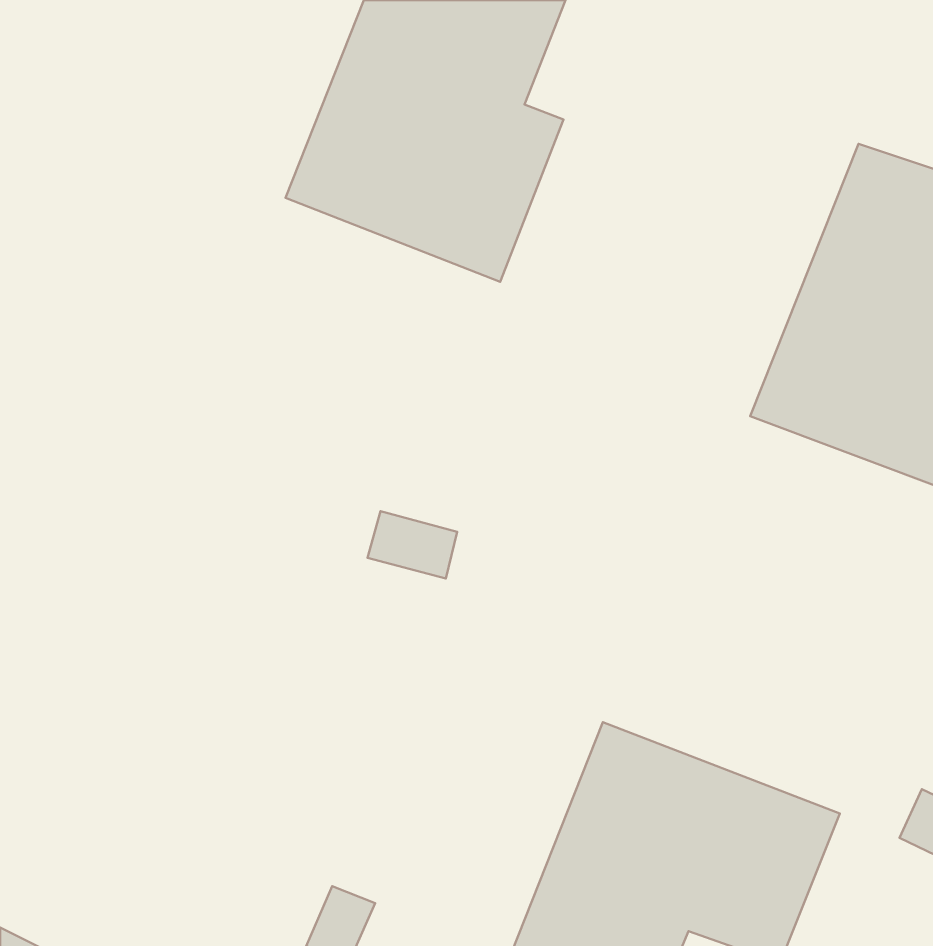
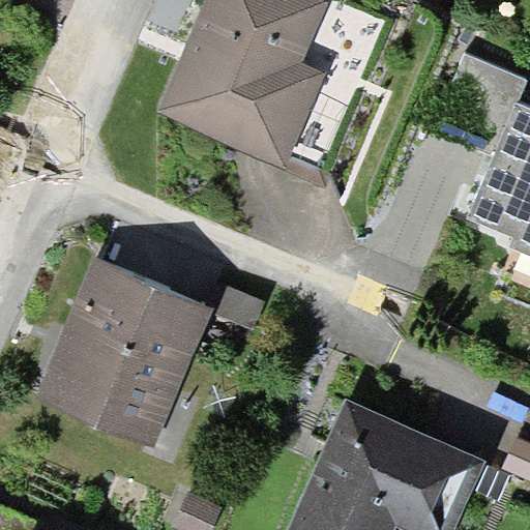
building: none -> [50,261,208,438]

